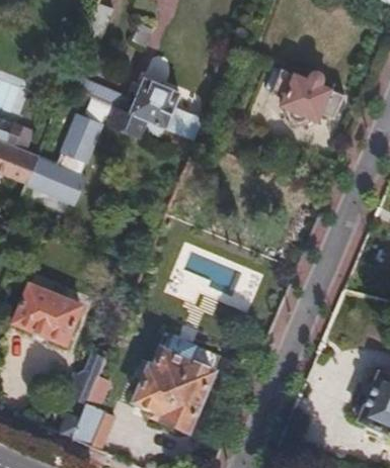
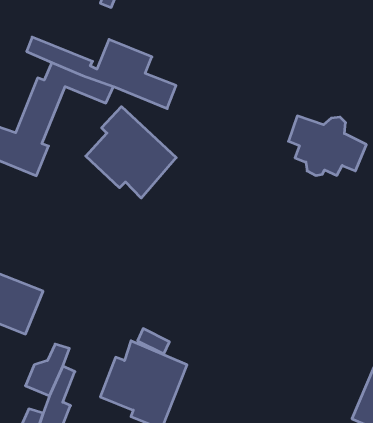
building: [270,67,342,121] -> [288,116,366,175]
building: none -> [86,107,176,198]

